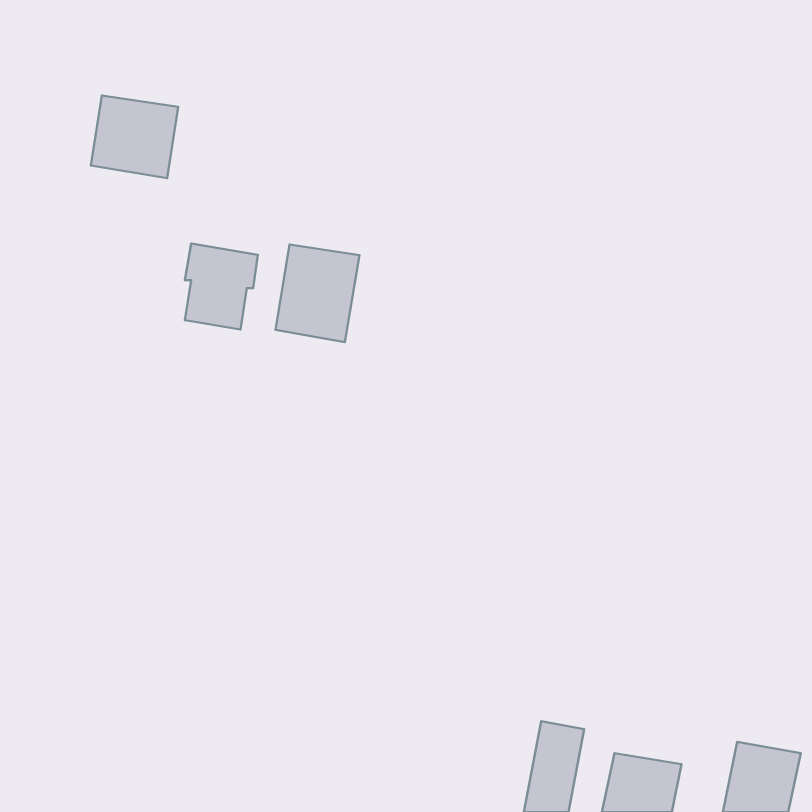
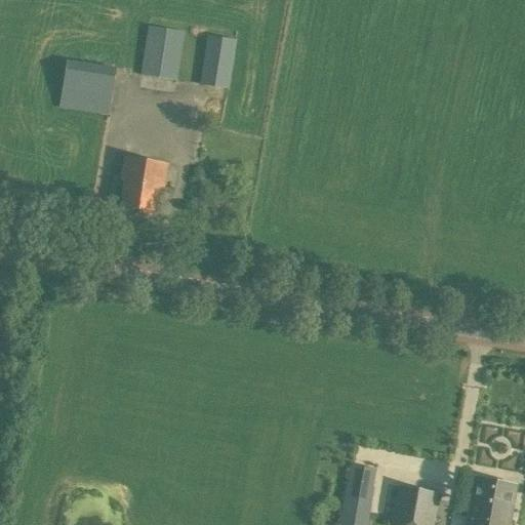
building: none -> [140,26,186,80]
building: none -> [201,35,236,88]
building: [275,244,359,342] -> none

